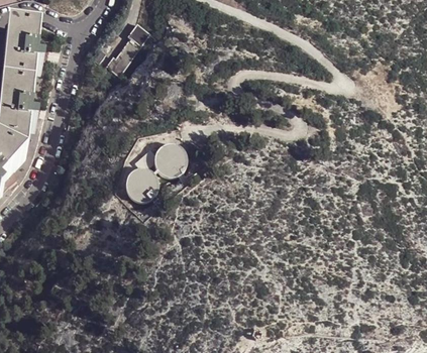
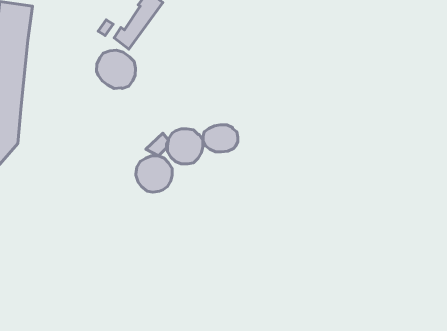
building: none -> [96,50,135,88]
building: none -> [203,125,238,152]

